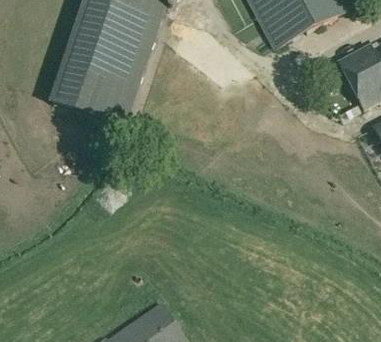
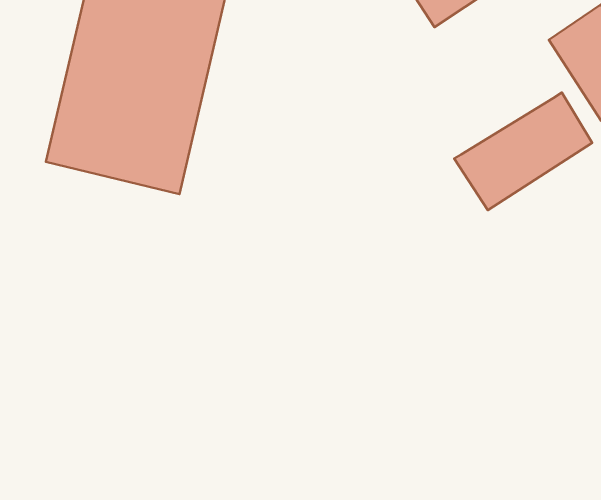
building: none -> [454,93,592,210]

